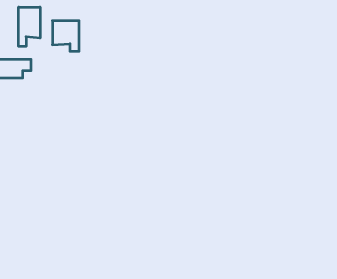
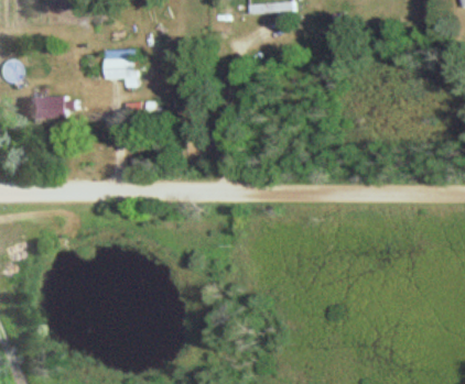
building: [19,7,40,46] -> none

